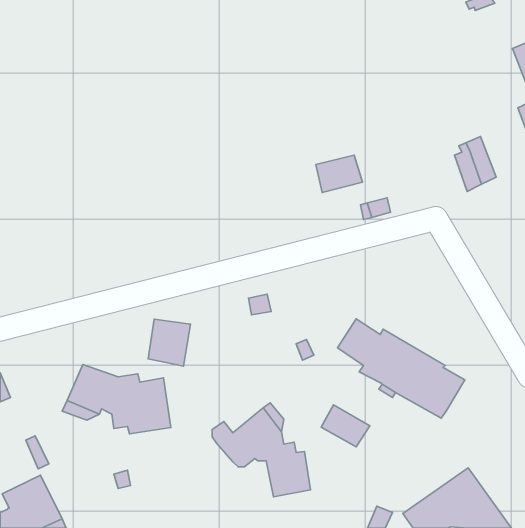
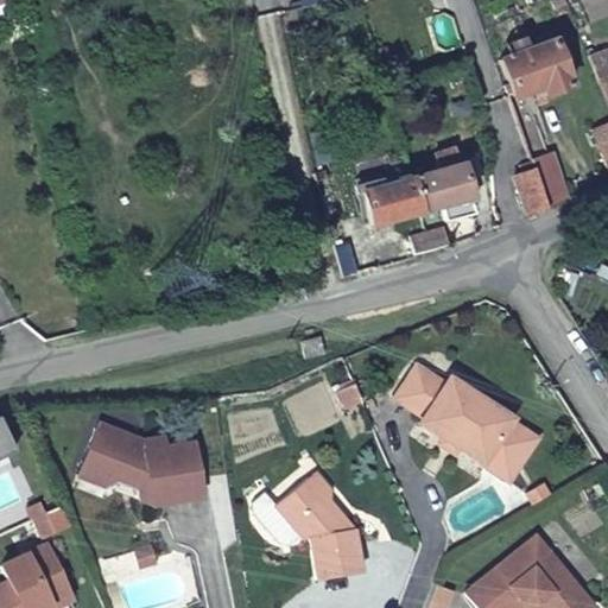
building: none -> [508,42,582,110]
building: none -> [411,147,475,220]
building: [148,319,190,366] -> none
building: [321,405,370,447] -> none

